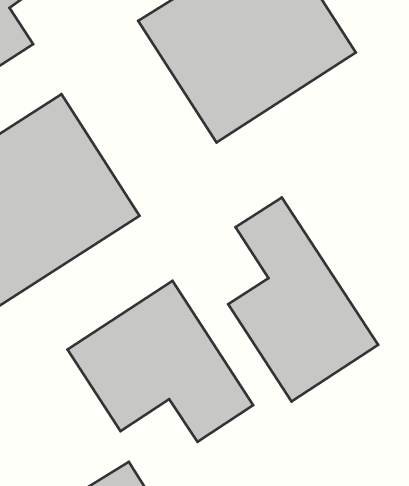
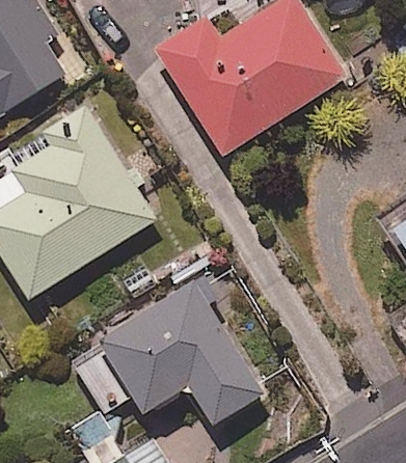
building: [228,197,378,401] -> none

